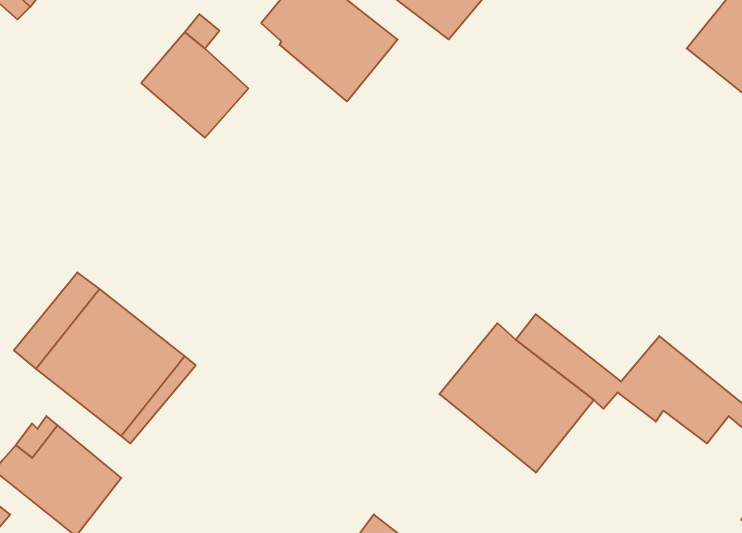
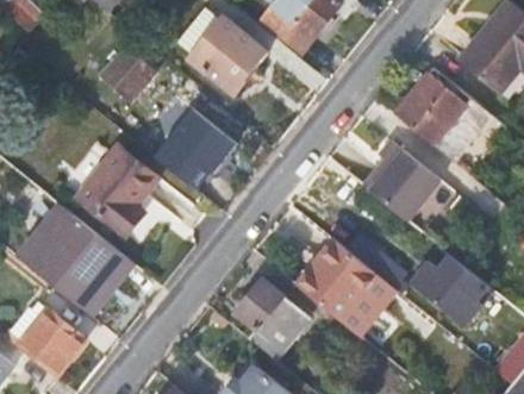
building: none -> [393,67,488,160]
building: none -> [156,110,237,188]
building: none -> [368,140,439,221]
building: none -> [76,148,157,233]
building: none -> [236,277,312,361]

